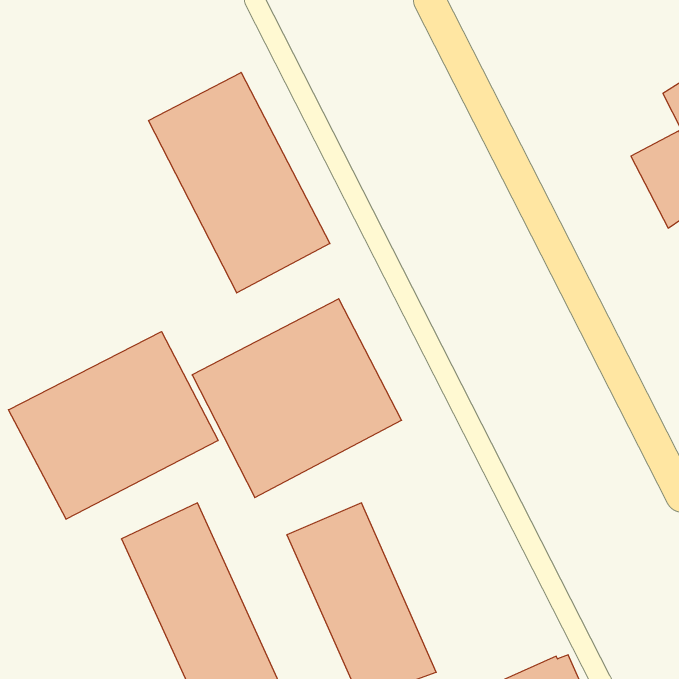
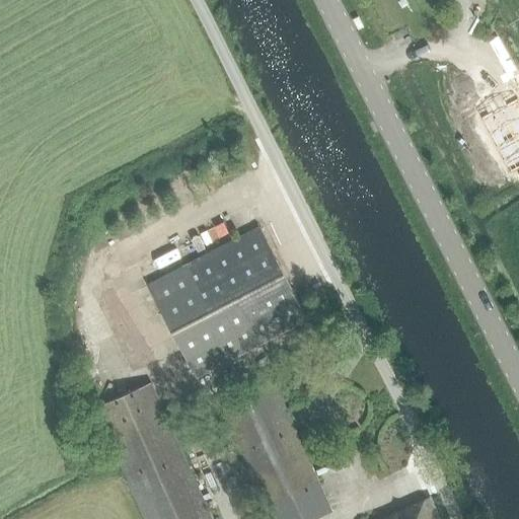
building: [149,72,330,293] -> none
building: [8,332,218,519] -> none

